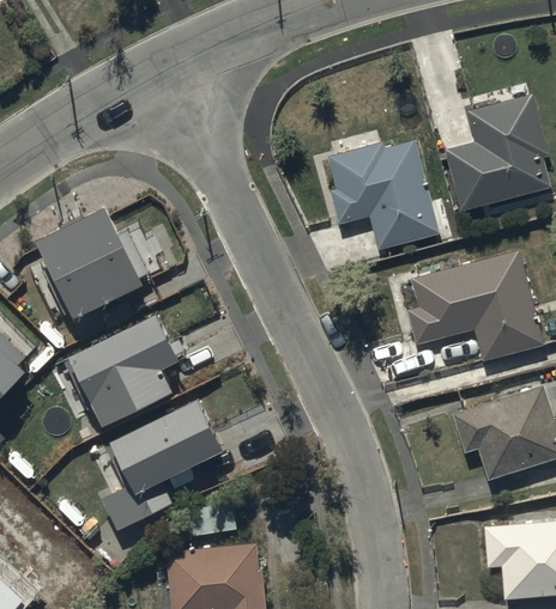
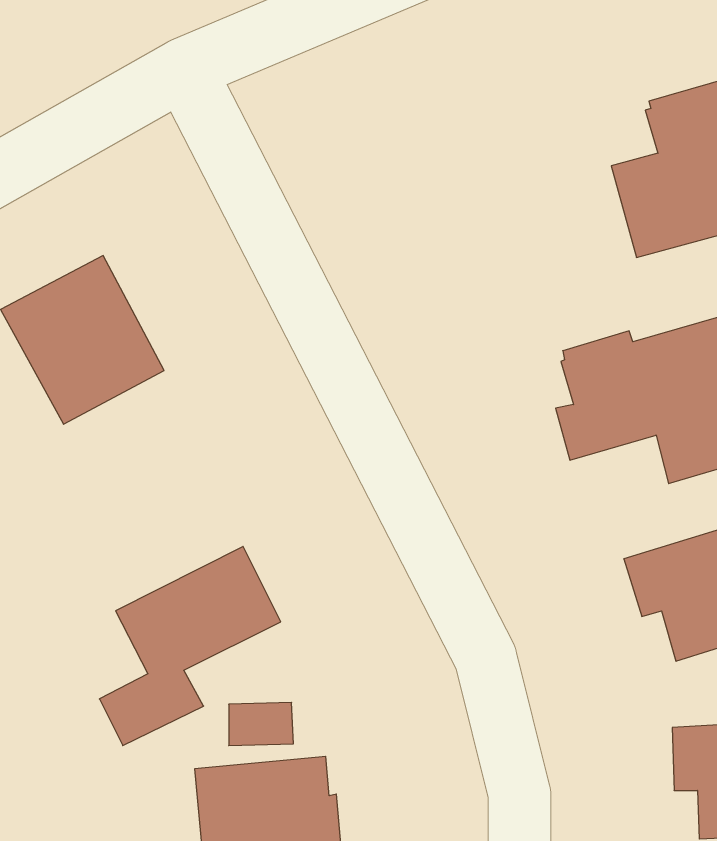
building: [327,140,439,249] -> none
building: [68,318,179,430] -> none

